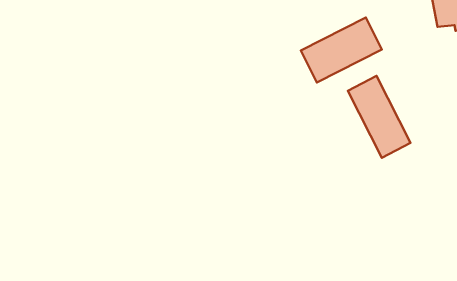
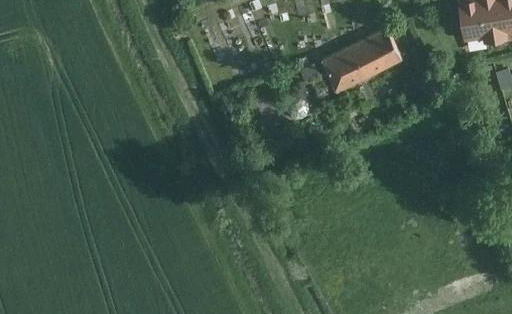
building: [348,76,410,158] -> none

